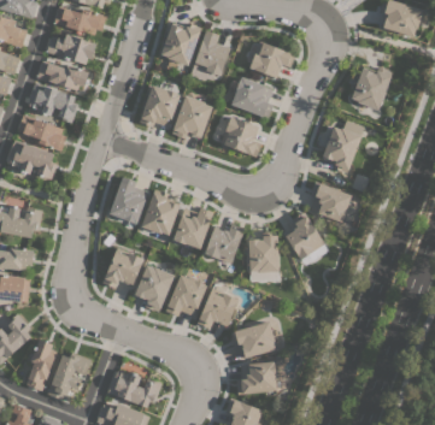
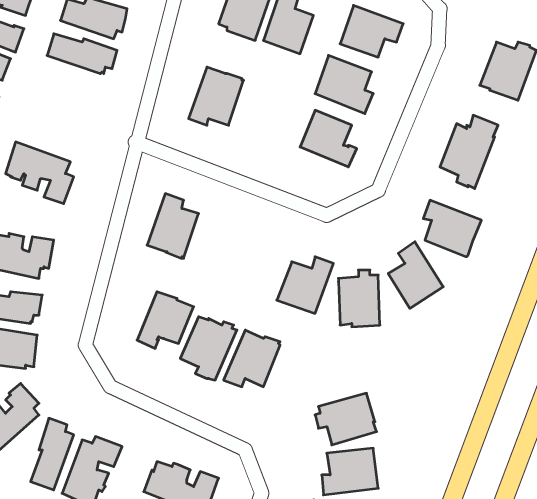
building: [29,83,78,123] -> none
building: [171,95,212,138] -> none
building: [18,114,66,152] -> none
building: [141,189,181,236] -> none
building: [174,207,213,249] -> none
building: [196,288,239,329] -> none

